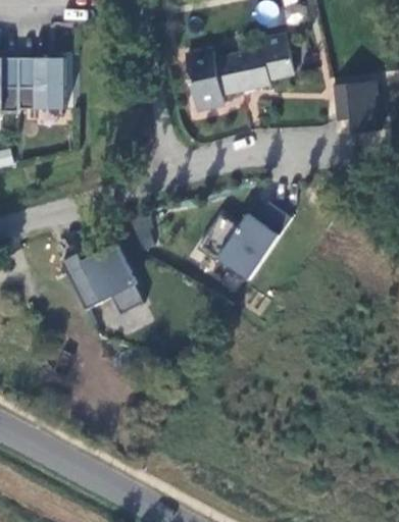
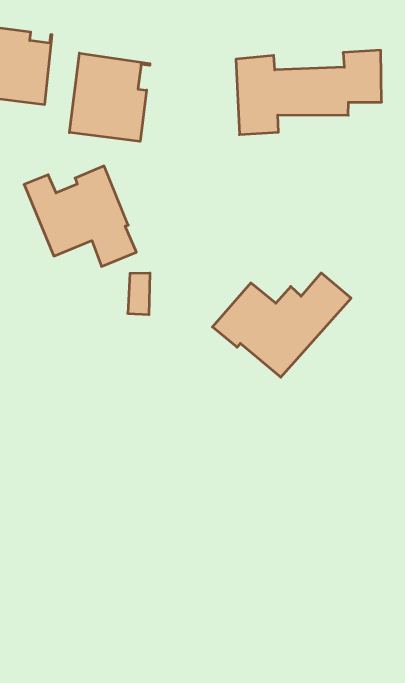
building: none -> [69,53,150,141]
building: [60,243,146,314] -> [24,166,136,266]

